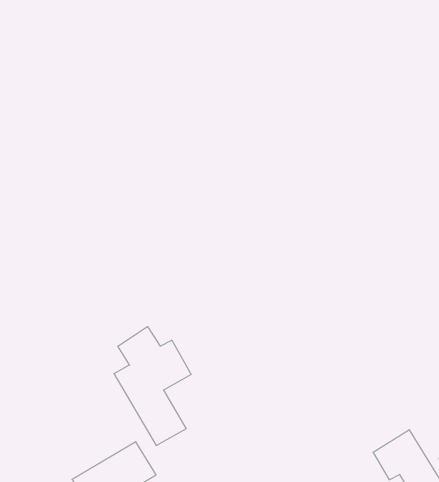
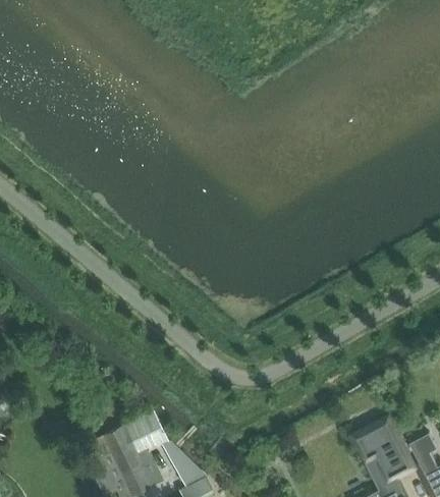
building: [114,327,191,446] -> none

